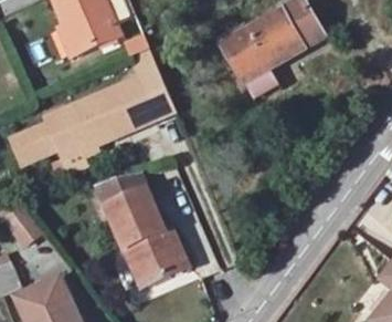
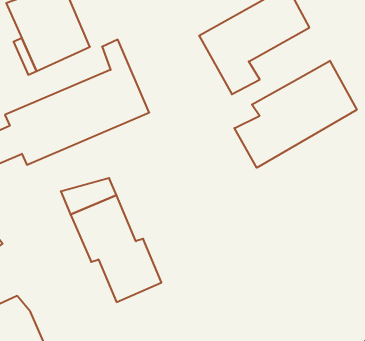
building: none -> [234,61,357,168]

